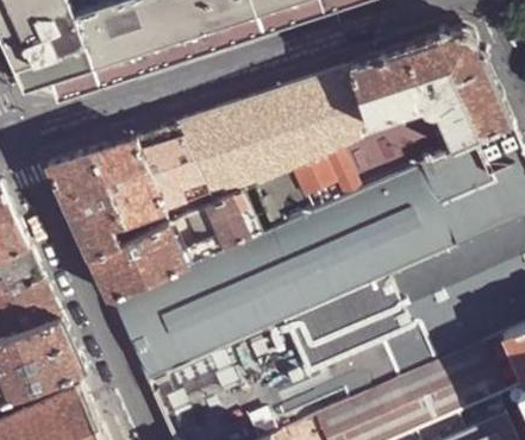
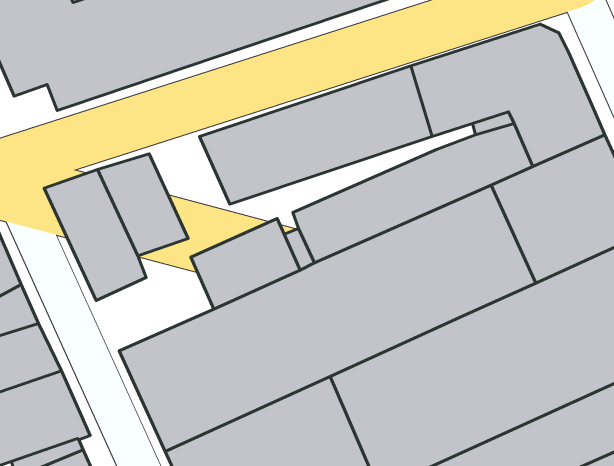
building: [133,127,206,212] -> none
building: [89,227,187,304] -> none

